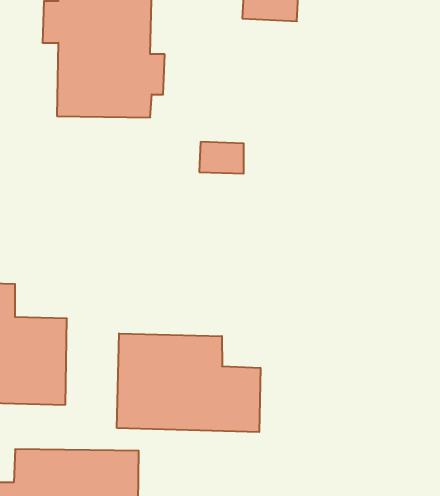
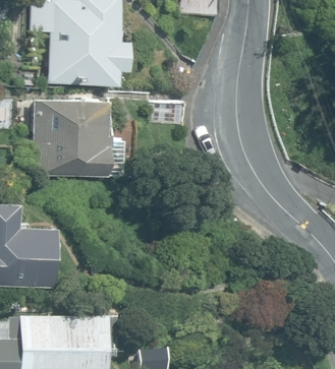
building: none -> [36,99,122,175]
building: [117,333,260,432] -> none

